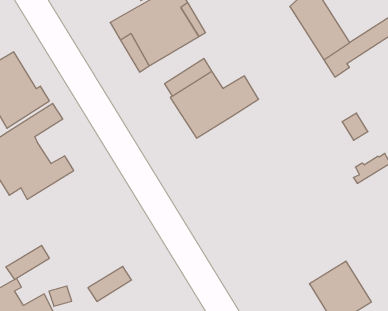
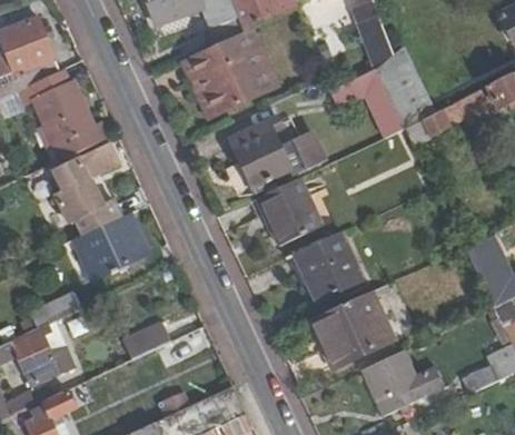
building: none -> [328,67,404,137]
building: none -> [256,178,321,246]
building: none -> [301,227,370,297]
building: none -> [73,214,150,280]
building: none -> [311,293,388,366]

